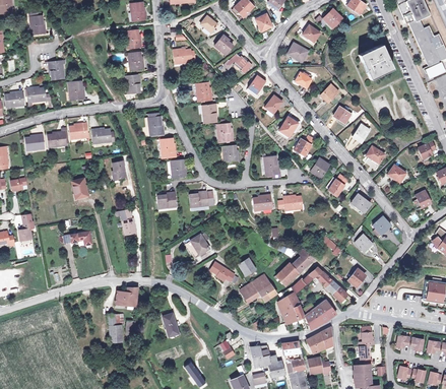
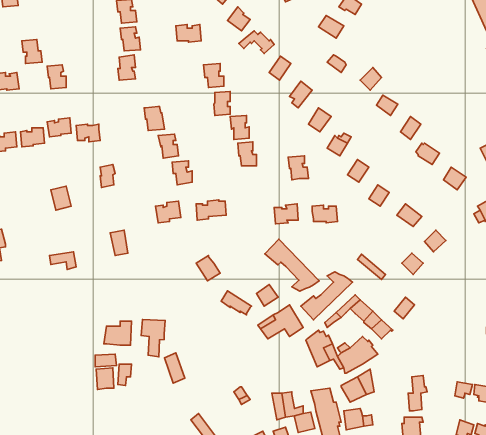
building: [359,44,393,78] -> none
building: none -> [265,239,319,291]
building: none -> [141,319,165,357]

